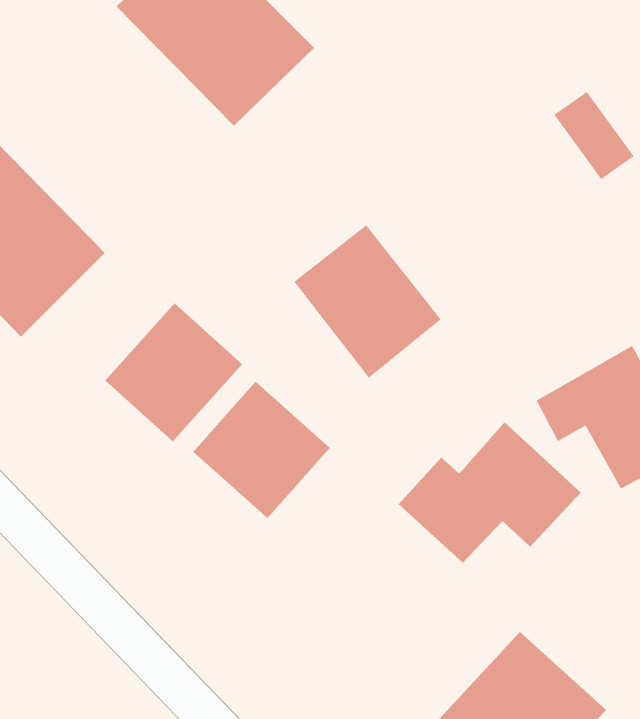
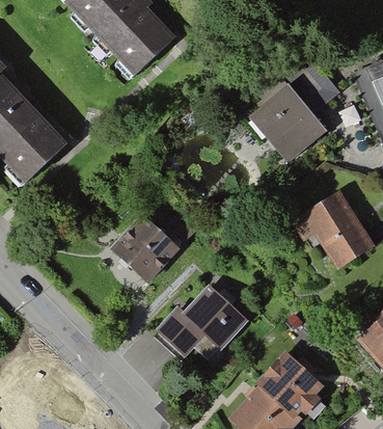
building: [293,225,441,378] -> [249,84,327,165]
building: [105,302,243,442] -> none
building: [398,421,581,563] -> [153,284,249,358]

